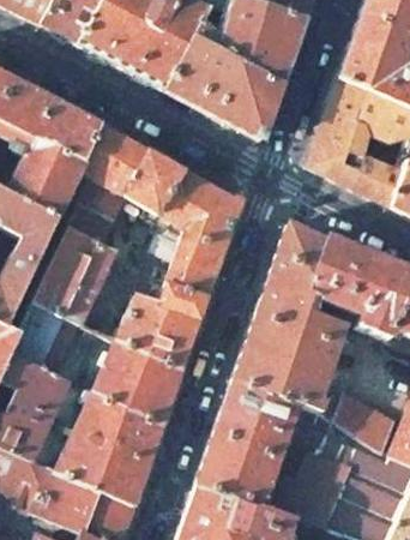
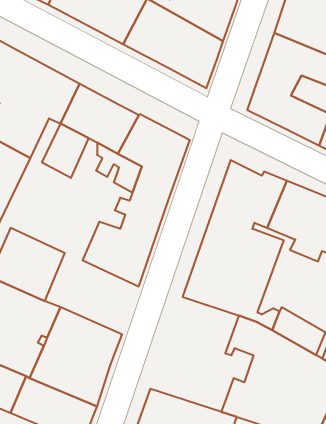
building: [36,223,117,320] -> none
building: [94,336,183,421] -> none
building: [197,378,299,510] -> none

